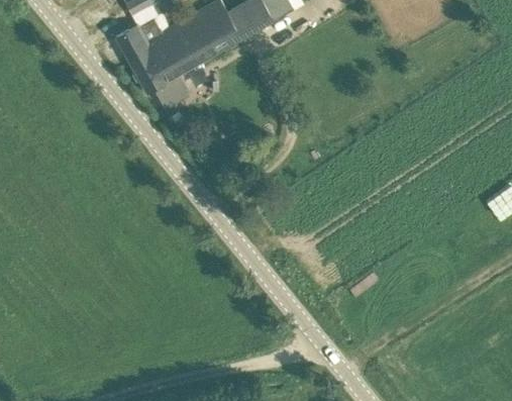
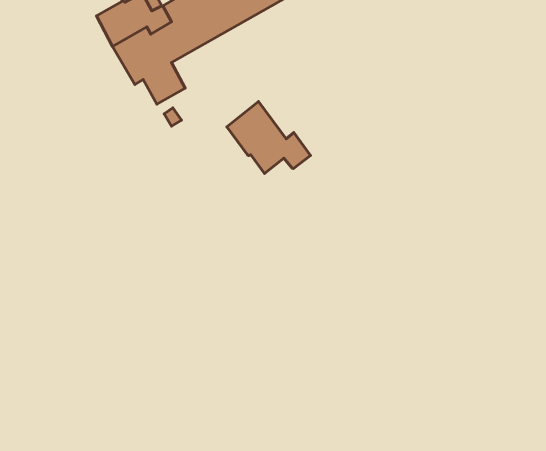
building: none -> [227,101,310,173]

